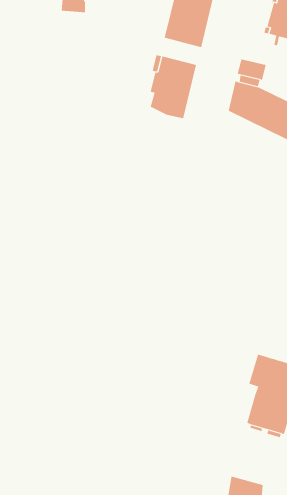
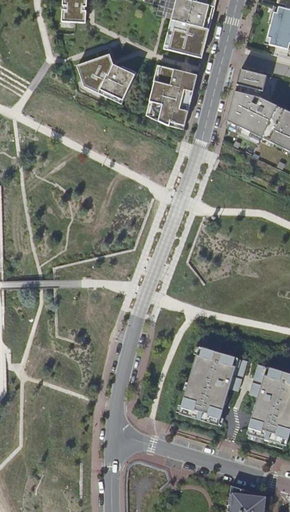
building: none -> [77,53,136,103]
building: none -> [179,346,247,424]

